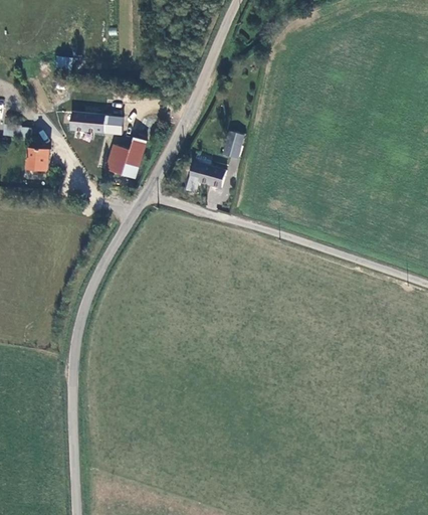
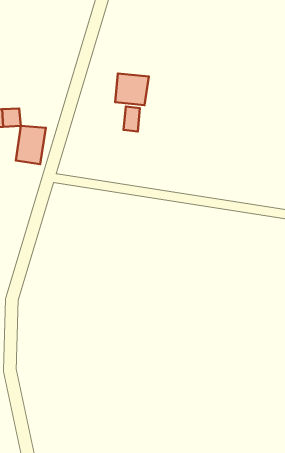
building: none -> [115,74,149,105]
building: [187,162,226,192] -> none

